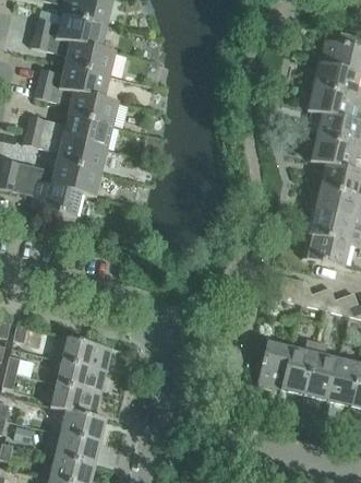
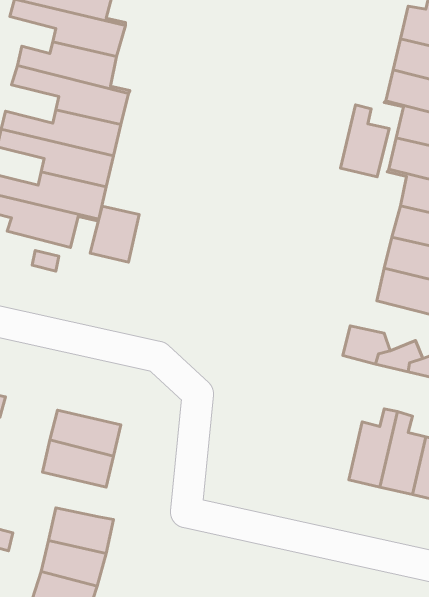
building: none -> [340,105,389,177]
building: none -> [90,206,139,262]
building: [257,340,291,389] -> none
building: [50,384,103,416] -> none

